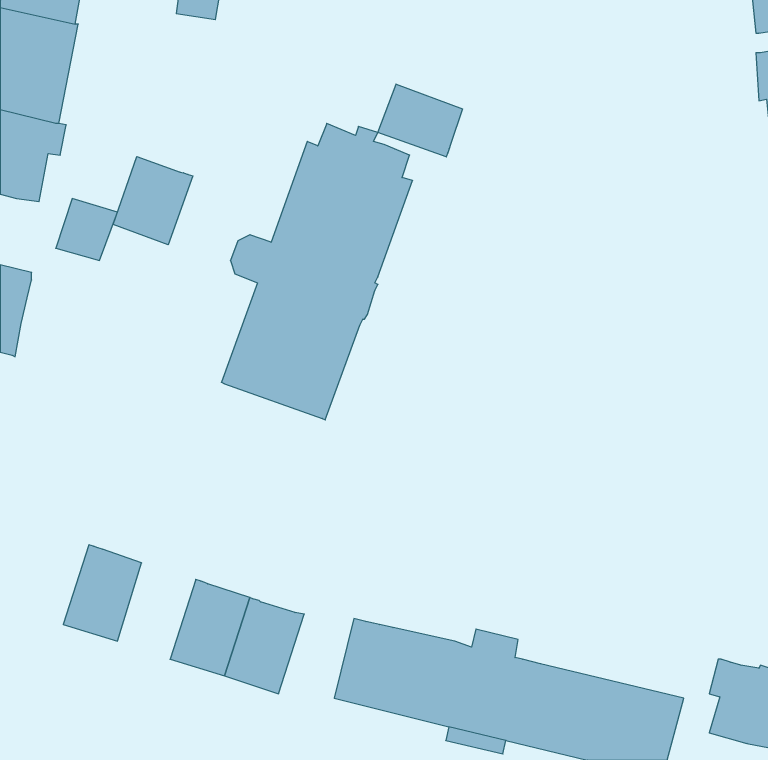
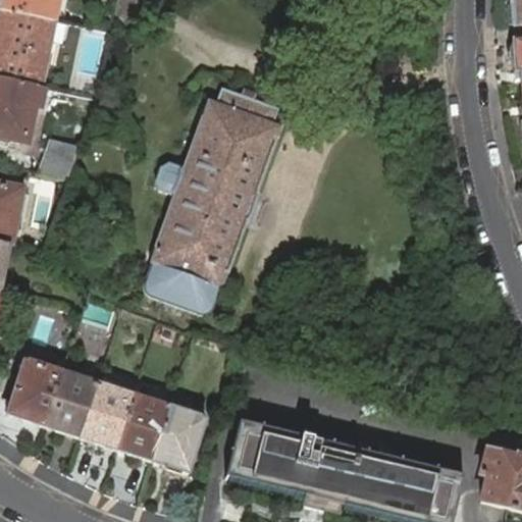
building: [378,84,462,157] -> none
building: [113,157,193,245] -> none
building: none -> [146,260,219,309]
building: none -> [7,357,61,423]
building: none -> [81,381,134,447]

